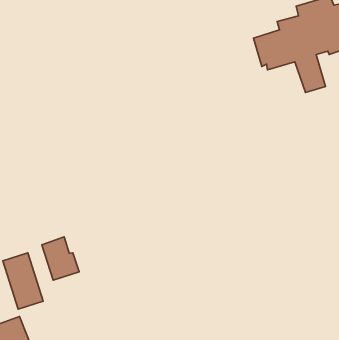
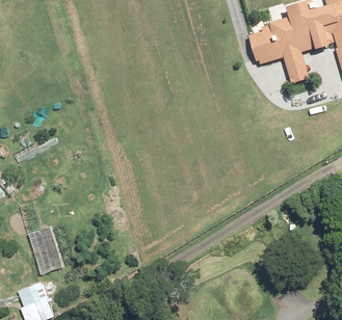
building: [42,237,79,280] -> none

